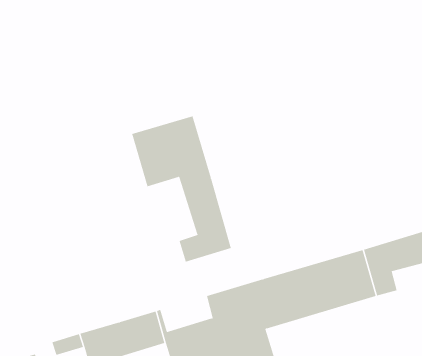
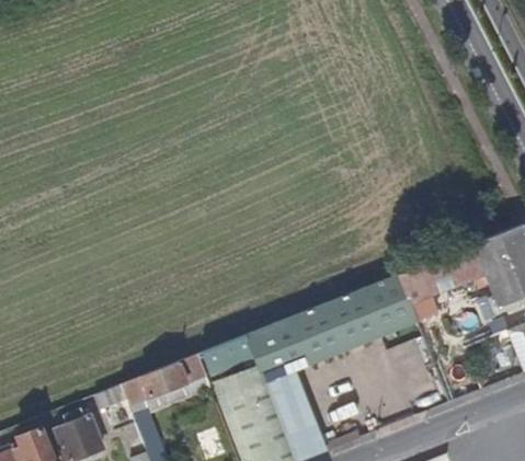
building: [131,116,231,262] -> none
building: none -> [202,335,254,374]

